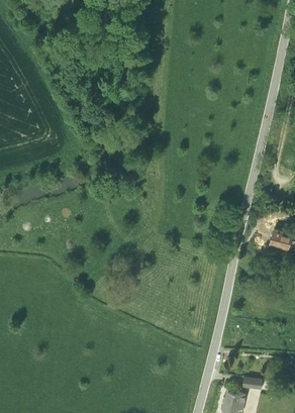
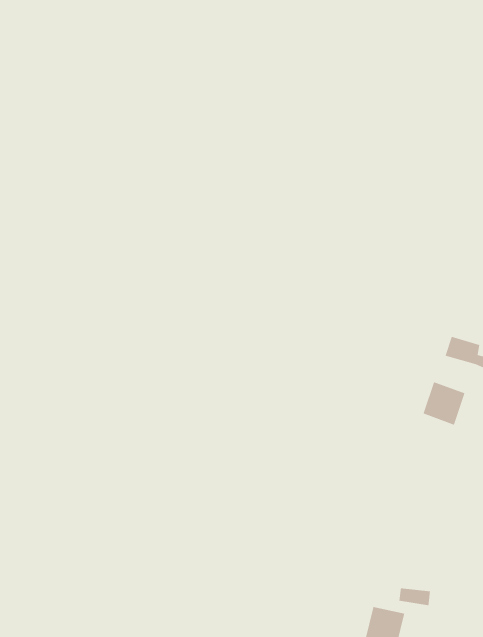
building: none -> [423,381,466,426]

